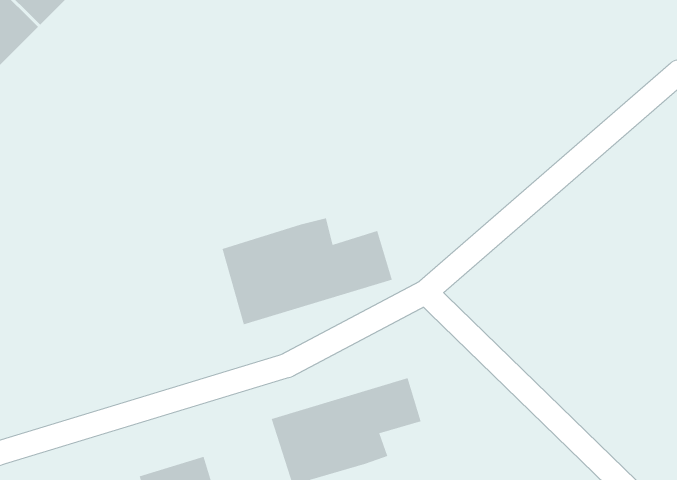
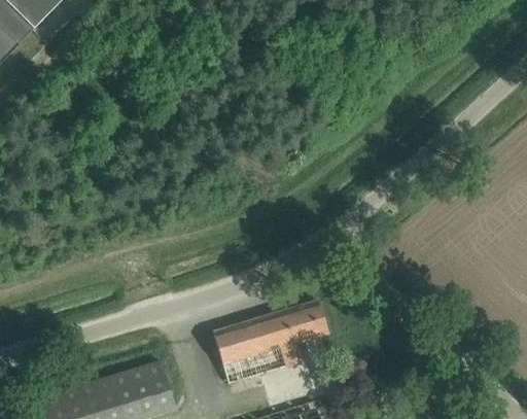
building: [222,217,393,325] -> none

